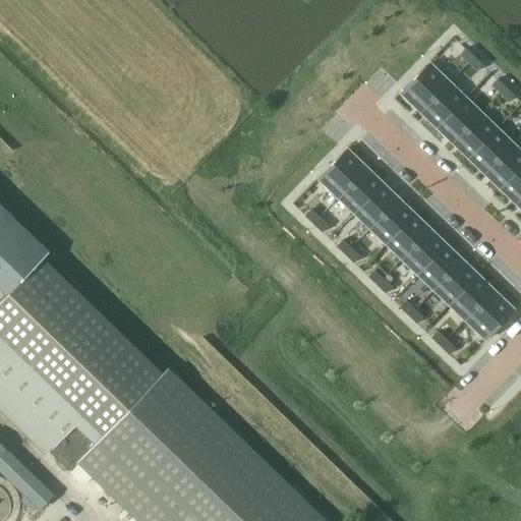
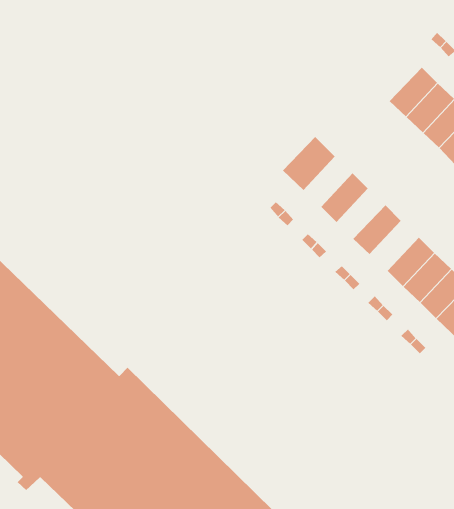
building: [400,61,451,113] -> none
building: [338,166,385,214] -> none
building: [369,196,416,244] -> none
building: [401,227,448,275] -> none

